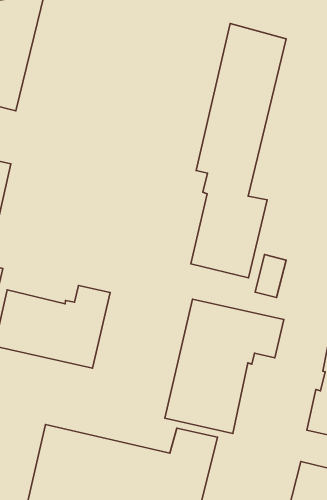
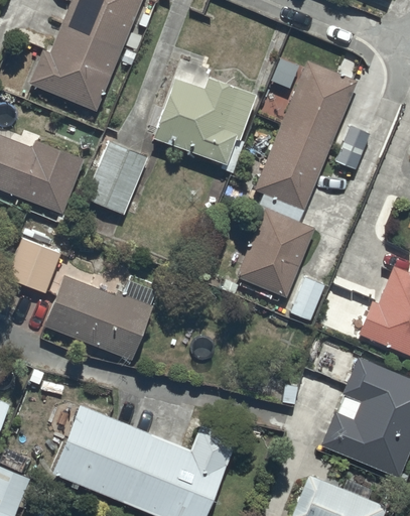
building: none -> [153,54,257,164]
building: none -> [86,143,147,214]
building: [165,299,284,433] -> none

